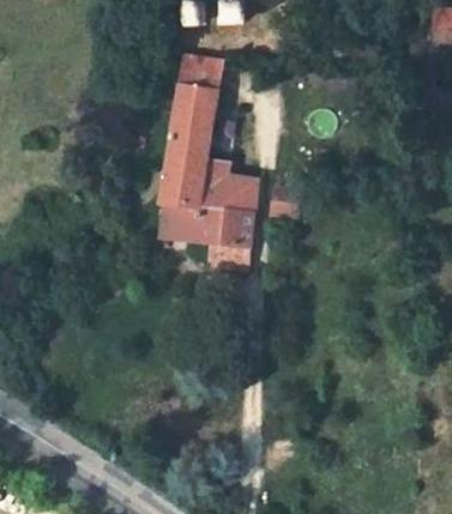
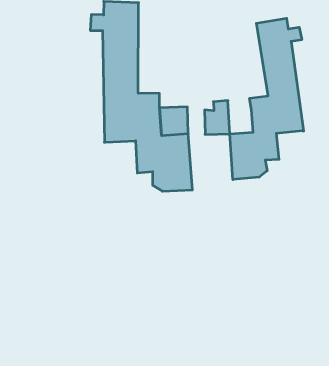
building: none -> [230,18,304,180]
building: [159,205,195,243] -> none

